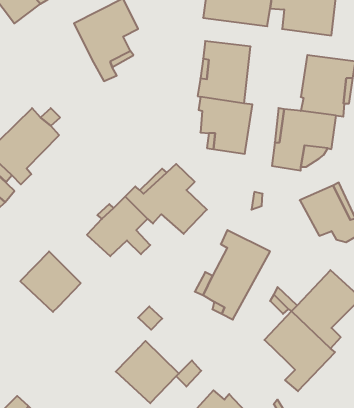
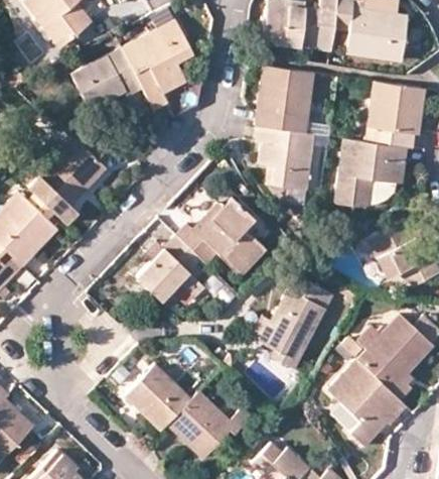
building: none -> [71,47,143,110]
building: [20,251,81,312] -> [126,365,191,431]

